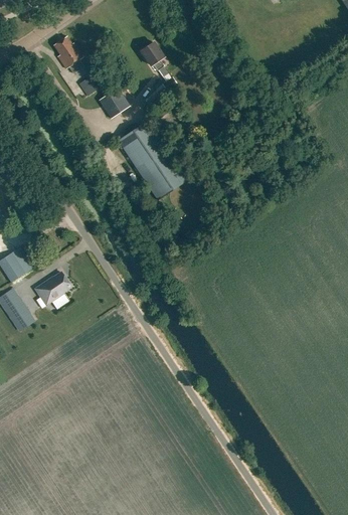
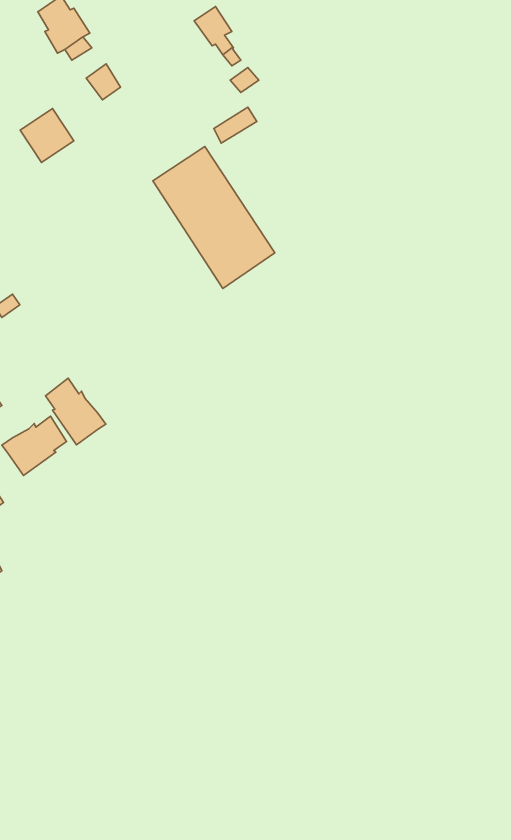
building: [99,88,129,118] -> [20,108,74,162]
building: none -> [45,378,106,445]

